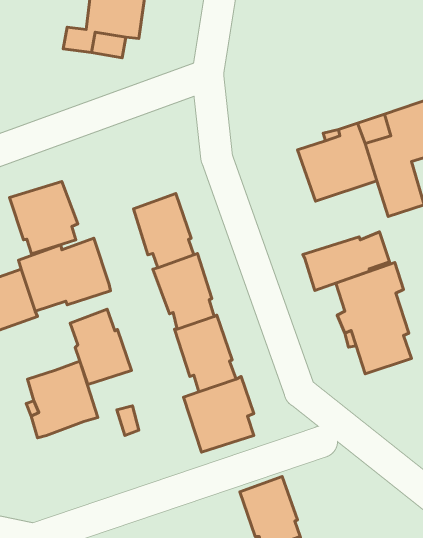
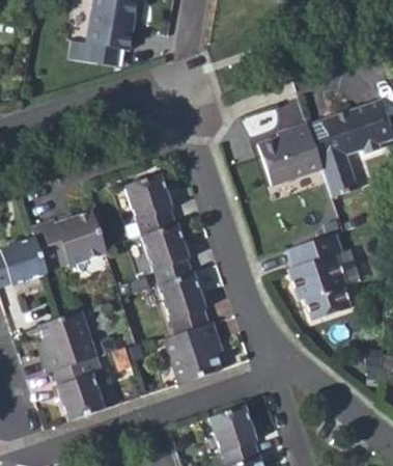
building: [10,181,78,254] -> none
building: [303,232,389,290] -> none
building: [70,309,131,385] -> [55,360,105,421]

